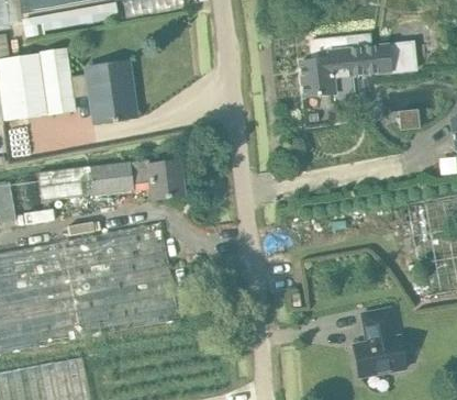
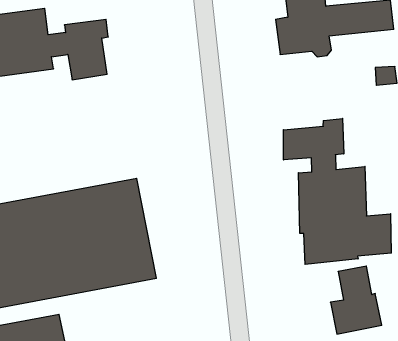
building: [38,159,185,201] -> none
building: none -> [283,118,391,264]

